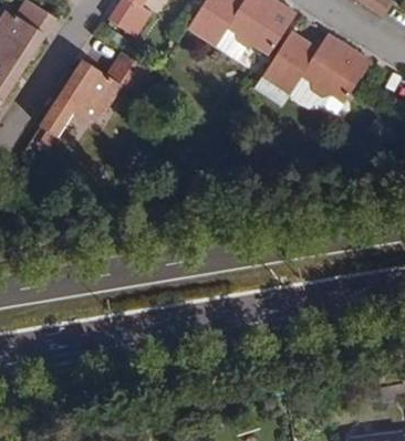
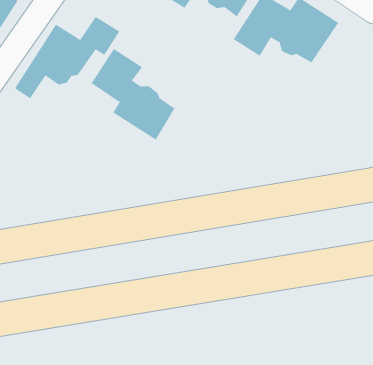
building: none -> [91,48,175,140]

